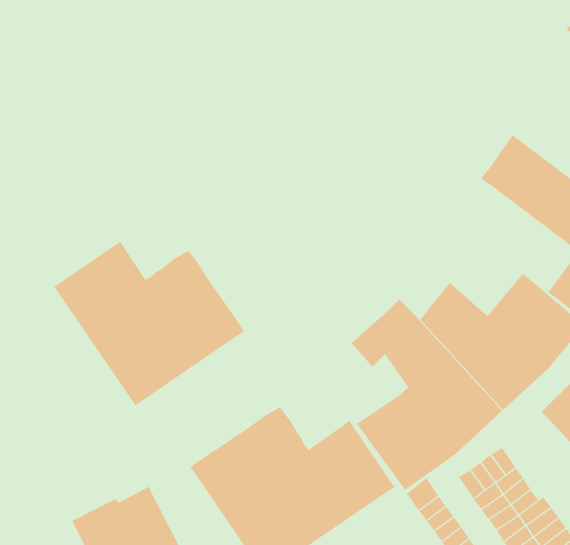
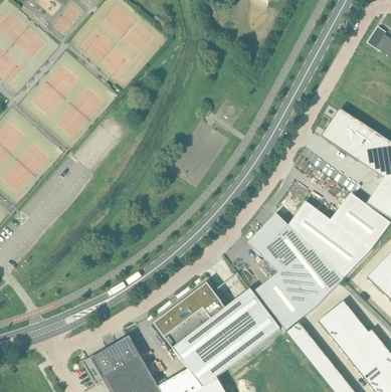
building: [53,241,245,406] -> none

